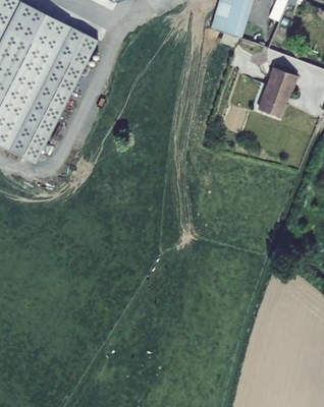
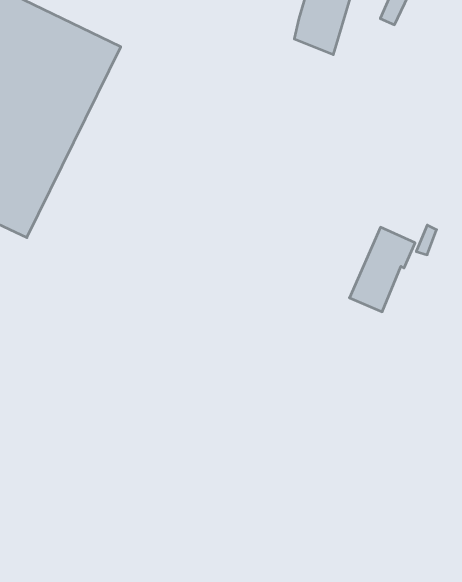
building: [256,66,299,121] -> [349,227,415,312]

